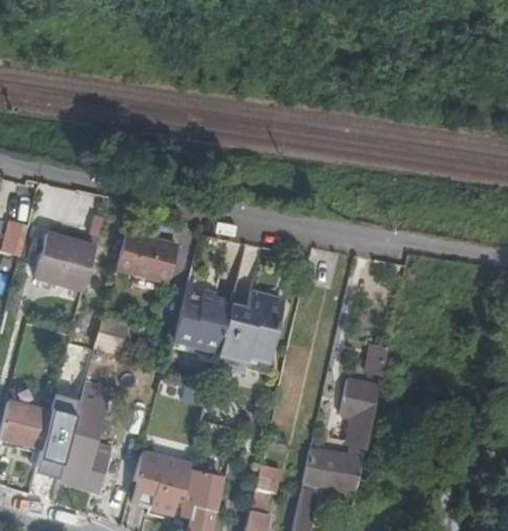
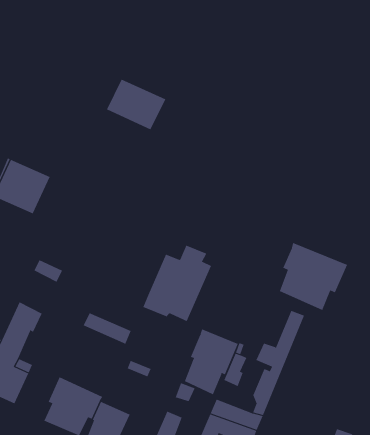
building: [117,231,178,280] -> [106,79,166,130]
building: none -> [279,242,348,311]
building: [172,295,231,352] -> none
building: none -> [184,329,238,395]

